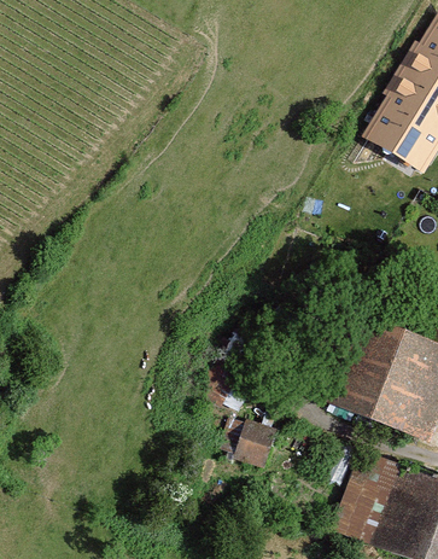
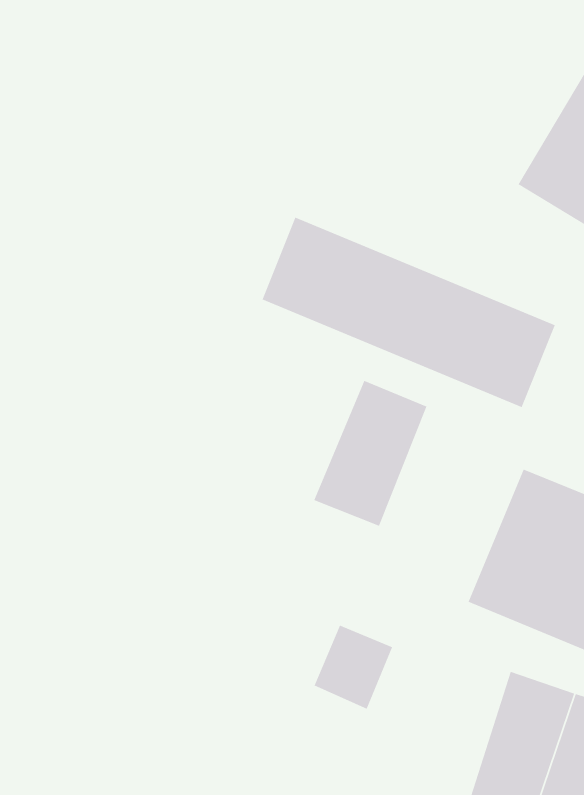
building: none -> [261,217,556,408]
building: none -> [313,380,427,527]

